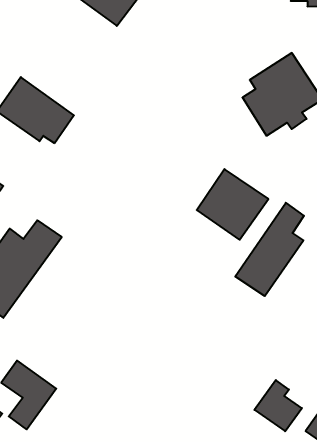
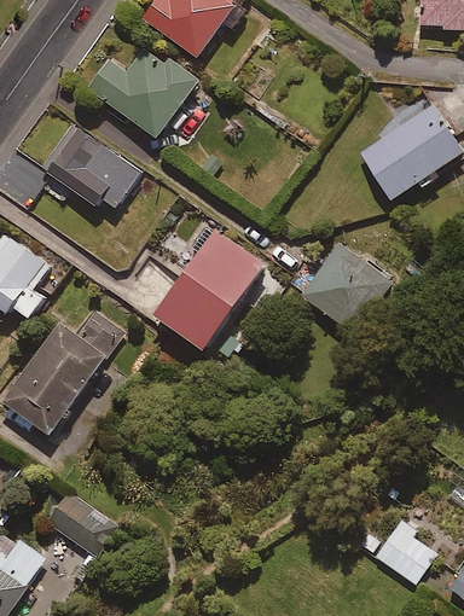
building: none -> [87,48,198,139]
building: none -> [152,229,265,351]
building: [235,203,304,296] -> none

